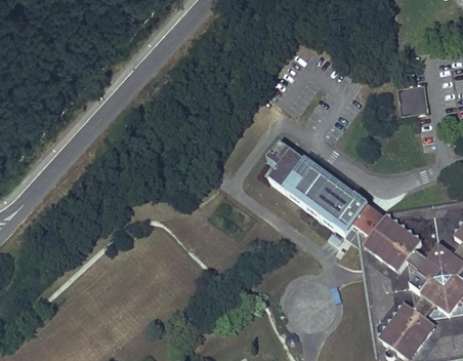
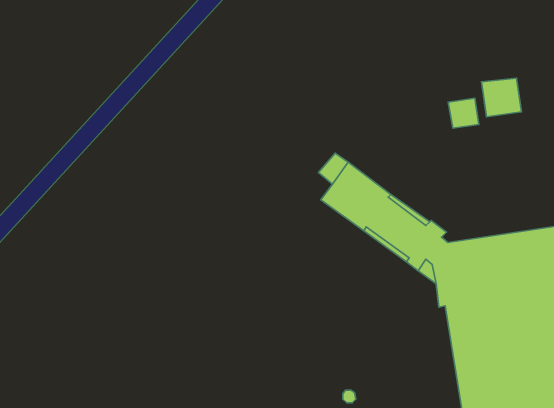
building: none -> [448,98,479,128]

